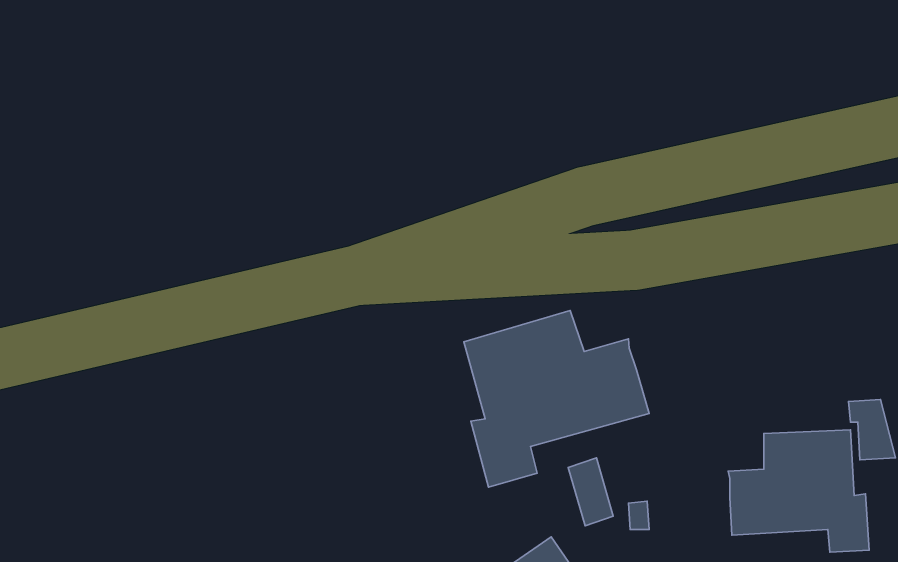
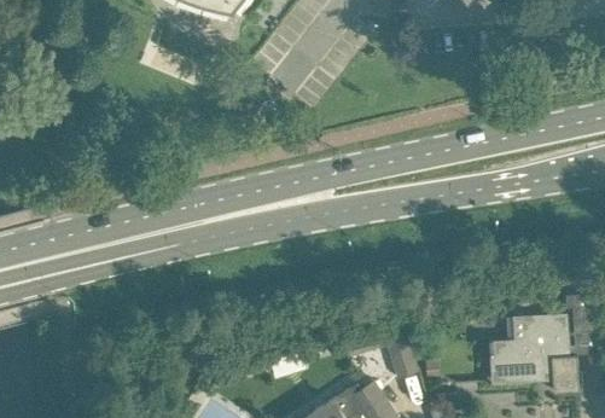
building: [464,311,649,487] -> none

